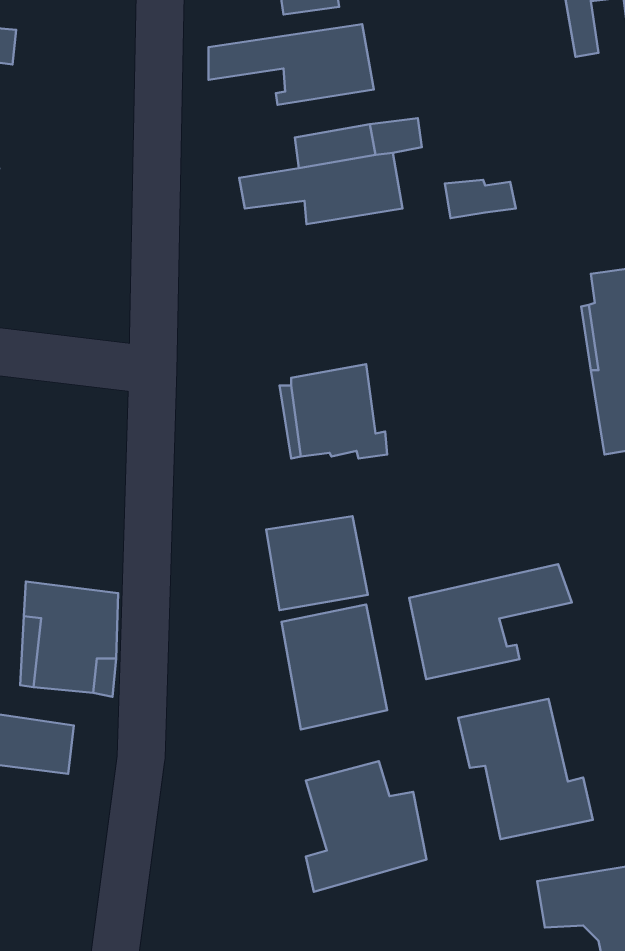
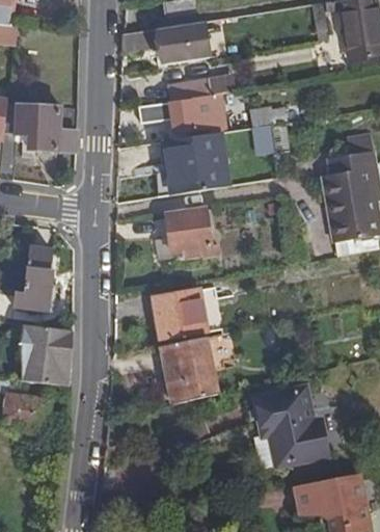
building: none -> [16,104,76,151]
building: none -> [157,132,226,195]
building: none -> [13,243,52,310]
building: [409,564,572,679] -> none
building: [306,761,426,892] -> none

